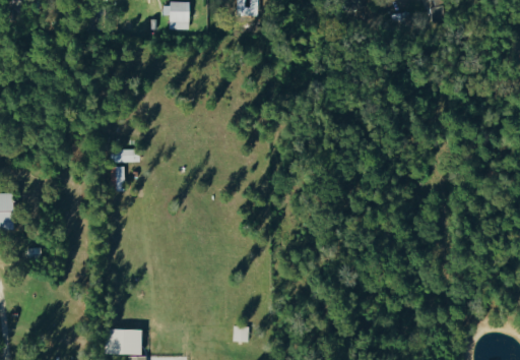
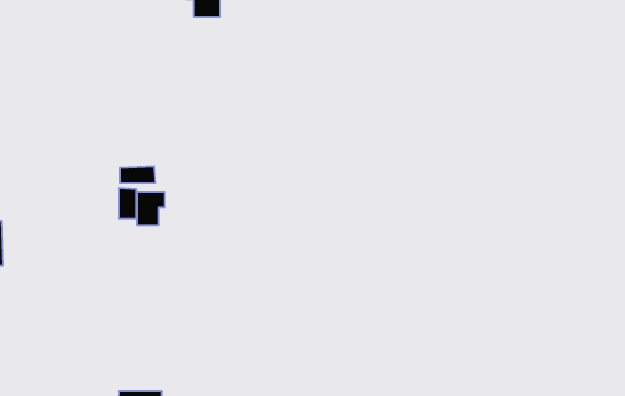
building: none -> [137,192,165,225]

